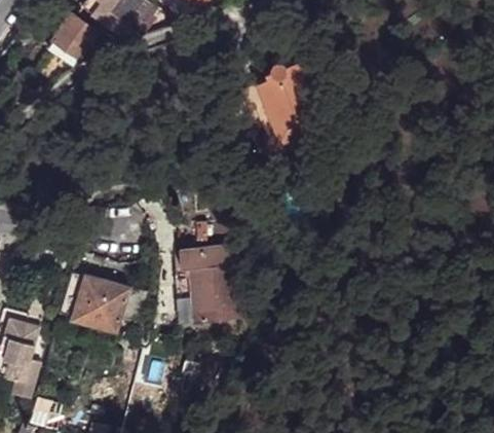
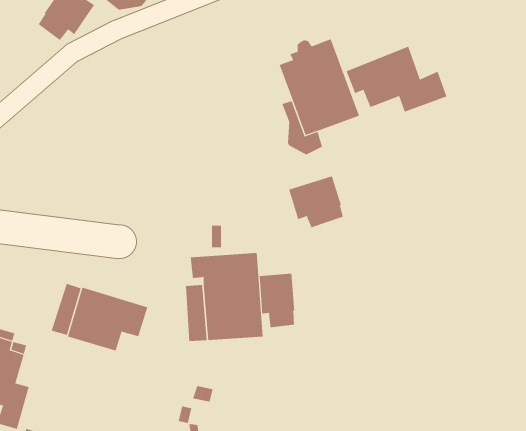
building: none -> [346,46,447,112]
building: none -> [288,175,344,228]
building: none -> [259,273,295,328]

